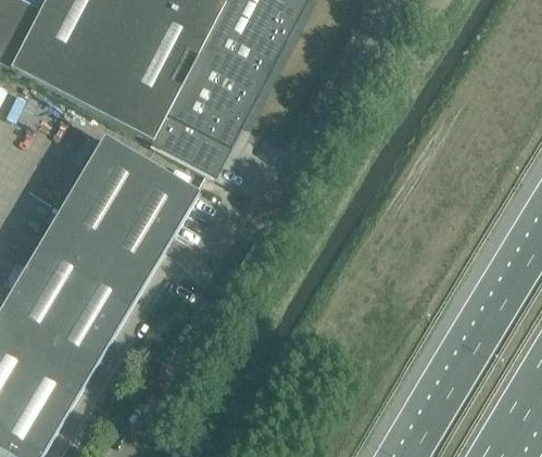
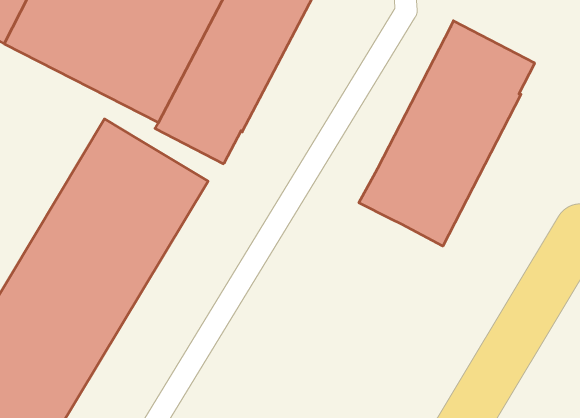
building: none -> [359,21,534,246]

